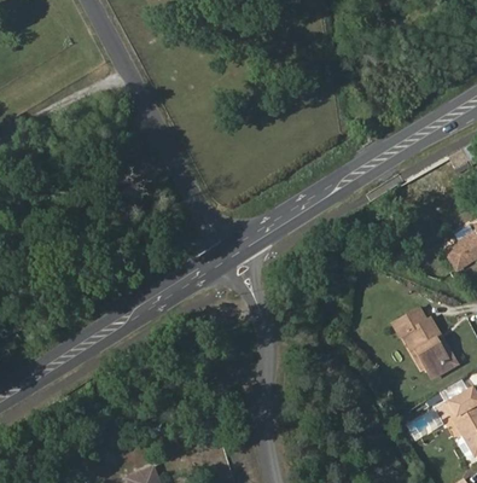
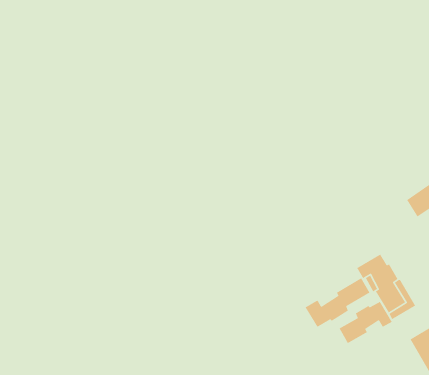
building: none -> [305,277,370,328]
building: none -> [339,301,393,344]

